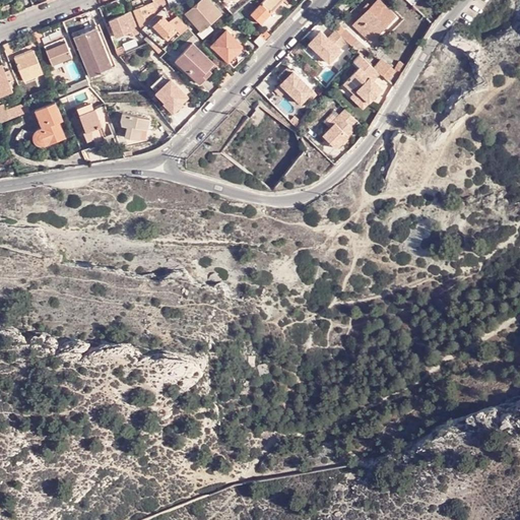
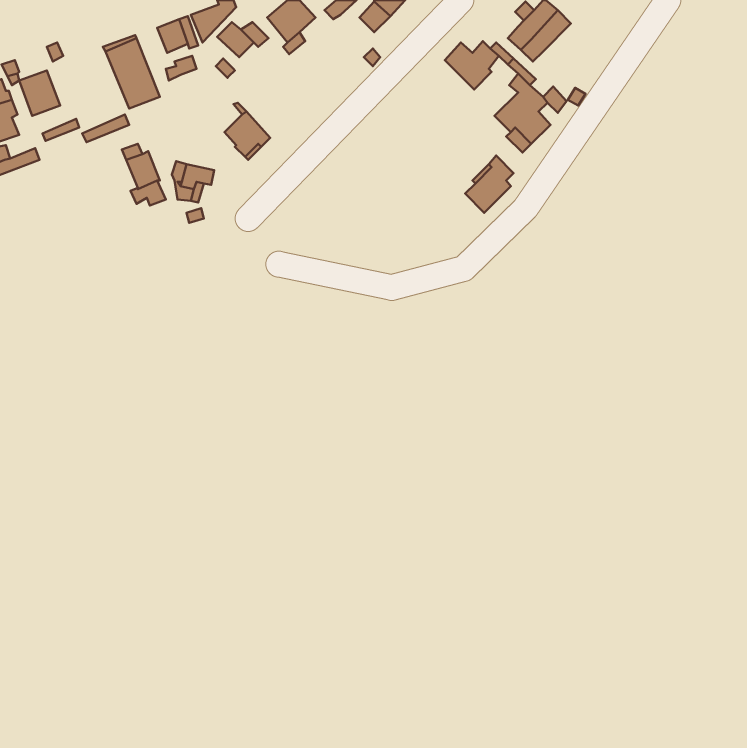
building: [210,29,241,61] -> none
building: [44,39,71,65] -> none
building: [175,43,214,84] -> none
building: [276,67,312,105] -> none
building: [35,102,66,147] -> none

